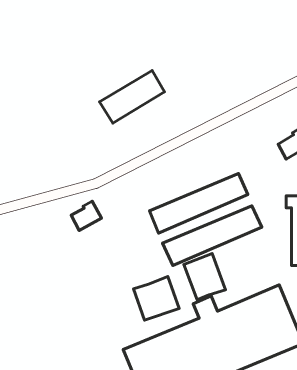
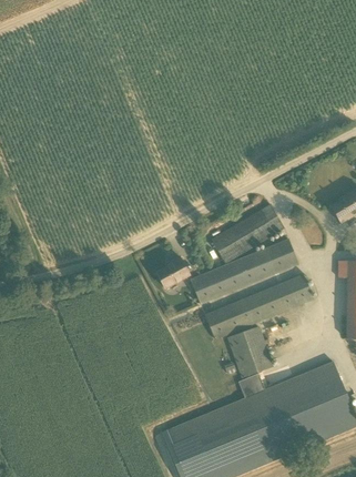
building: [99,71,164,123] -> [213,204,284,262]
building: [71,201,101,230] -> [156,256,190,288]
building: [134,277,179,320] -> none

